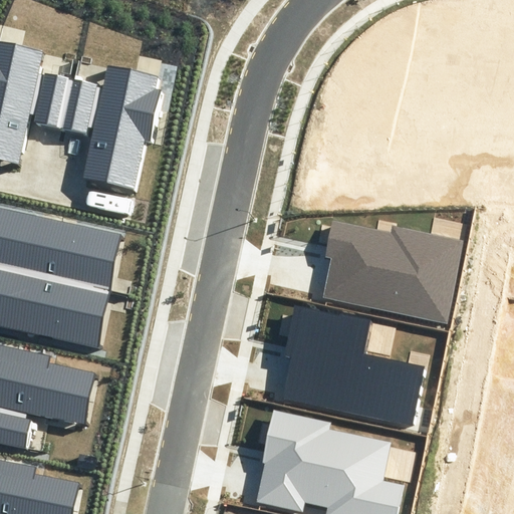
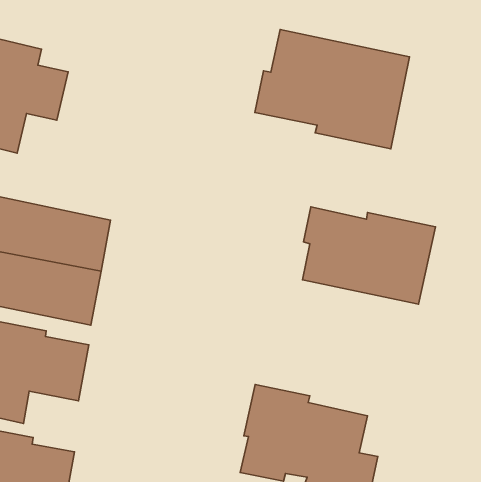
building: none -> [255,29,410,149]
building: [60,66,161,189] -> none
building: [281,308,424,426] -> none

